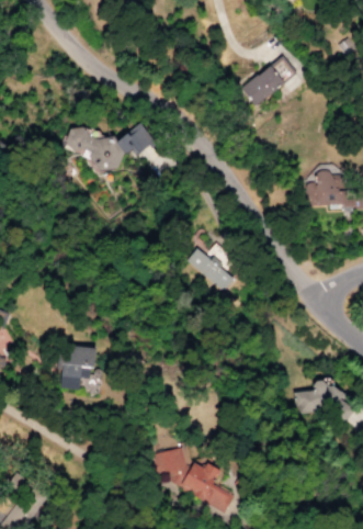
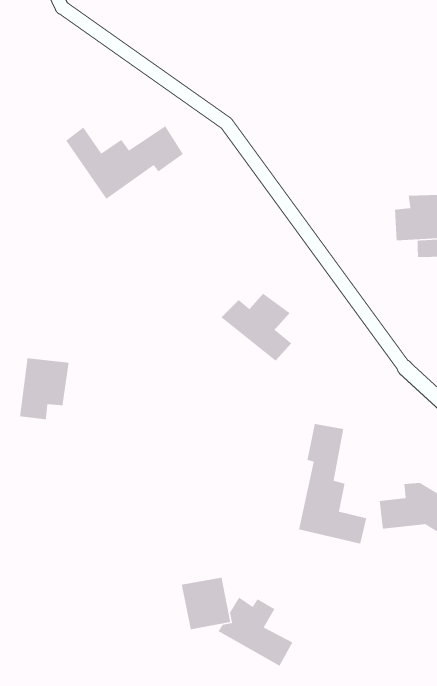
building: [241,57,302,109] -> none
building: none -> [298,423,367,545]
building: [60,344,97,389] -> [19,357,69,420]

